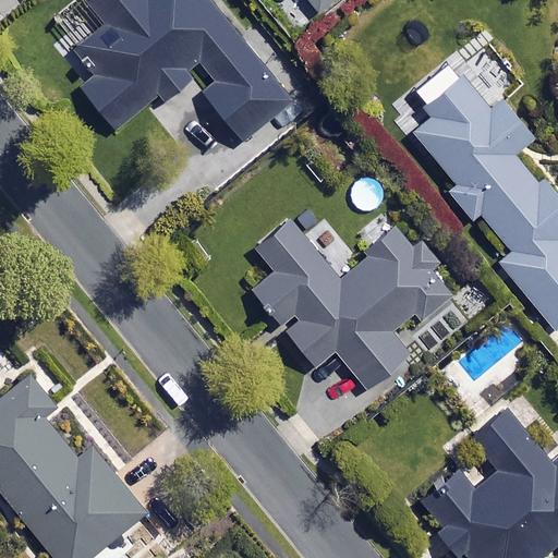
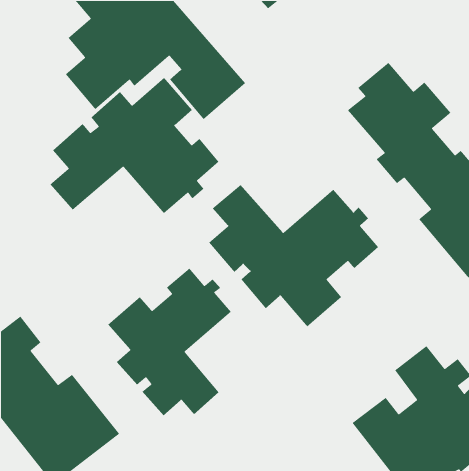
building: none -> [49,77,220,214]
building: none -> [107,268,232,416]

